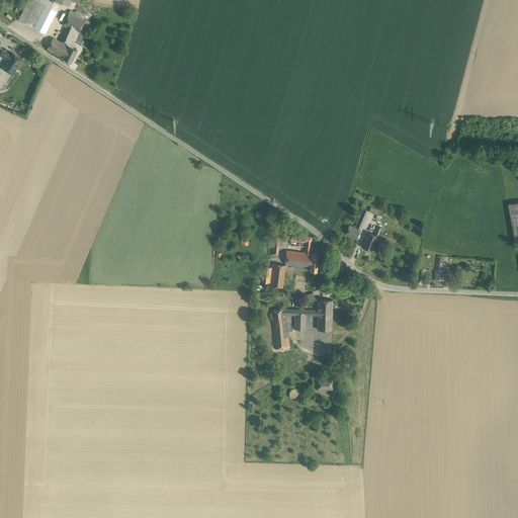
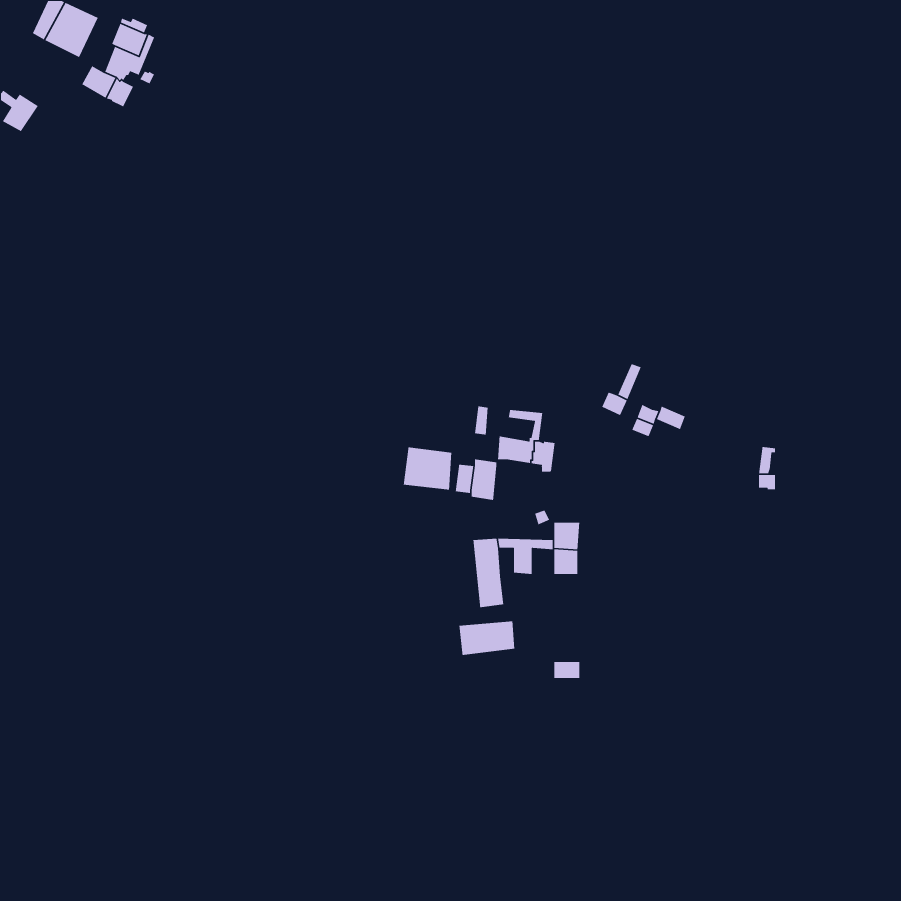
building: none -> [403,446,452,490]
building: none -> [459,620,515,656]

